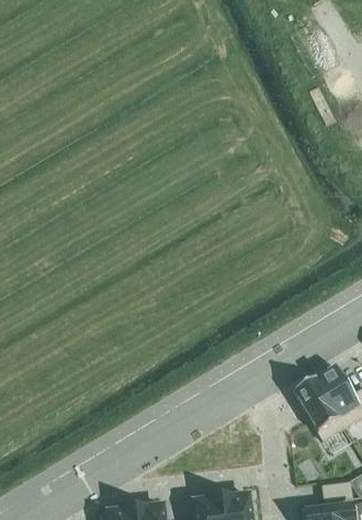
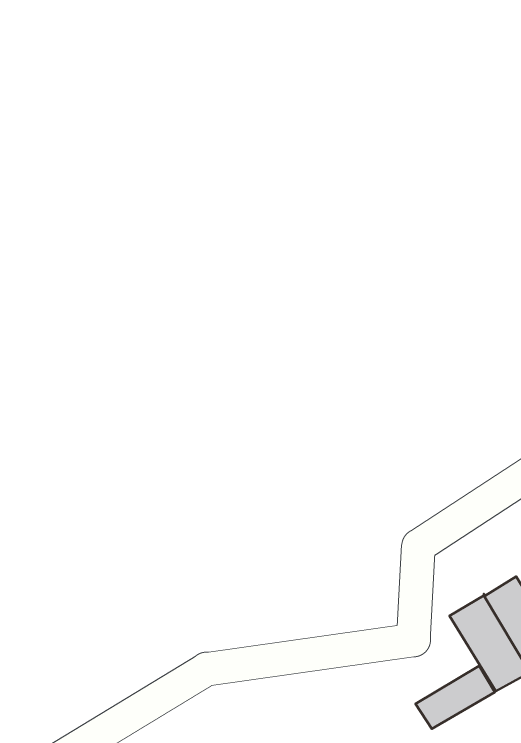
building: none -> [416,666,495,729]

